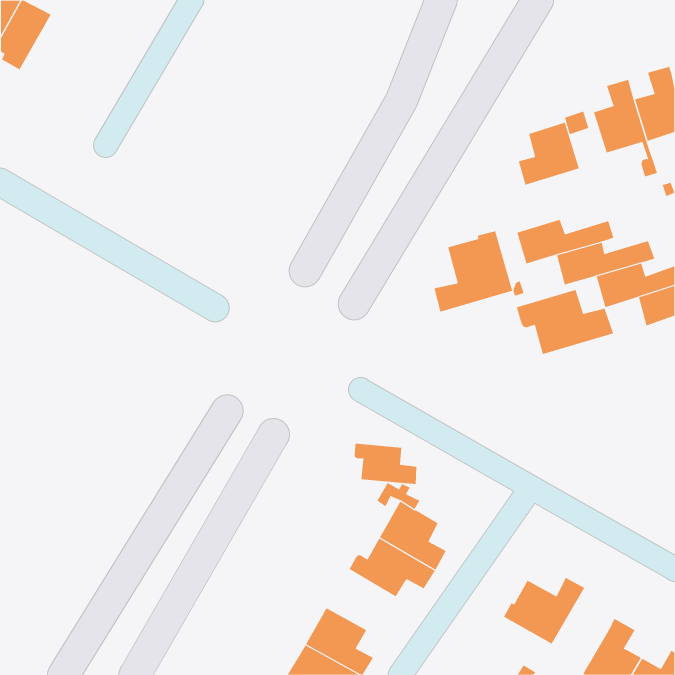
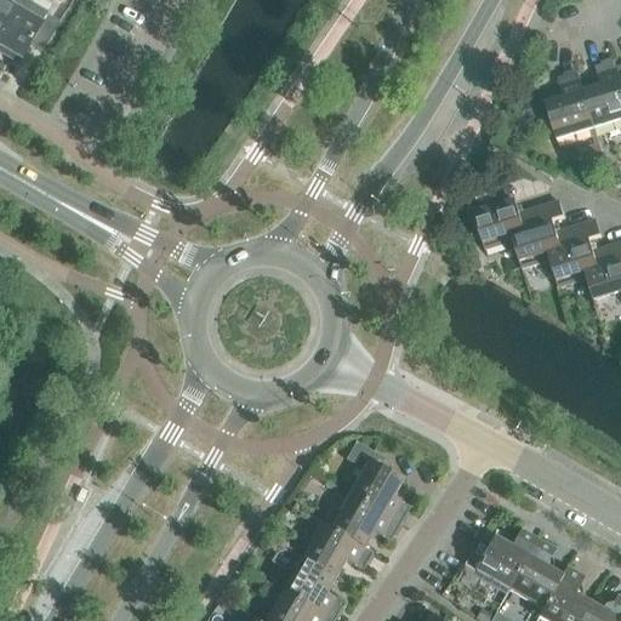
building: [518,122,580,186] -> none
building: [434,230,513,312] -> none
building: [516,289,614,355] -> none
building: [354,443,417,485] -> none
building: none -> [300,523,372,579]
building: none -> [507,540,560,610]

